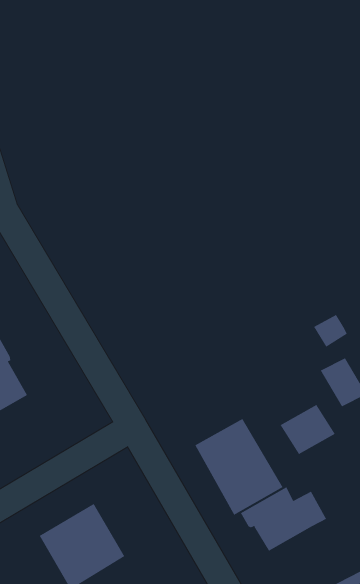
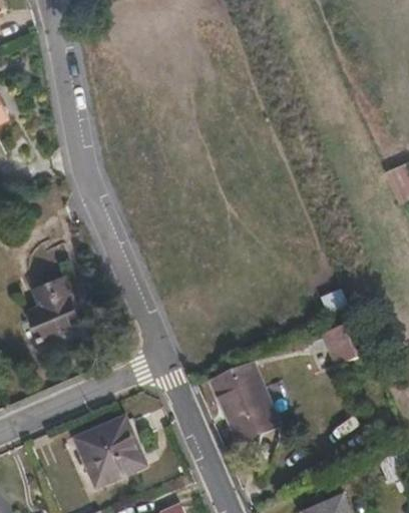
building: [280,404,335,455] -> none
building: [240,486,327,552] -> none

